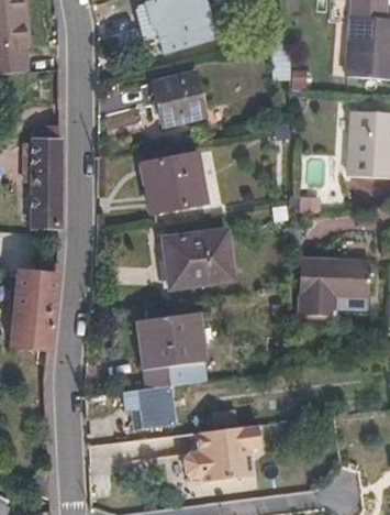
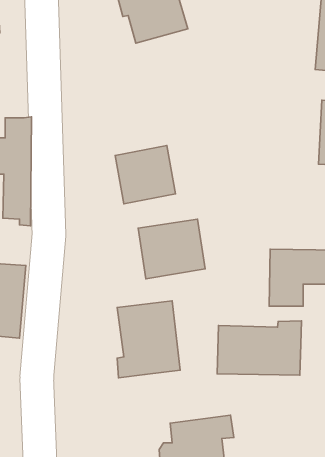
building: [152,70,205,122] -> none
building: none -> [217,321,302,375]
building: [143,384,179,427] -> none

